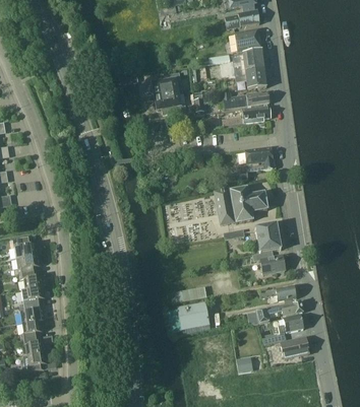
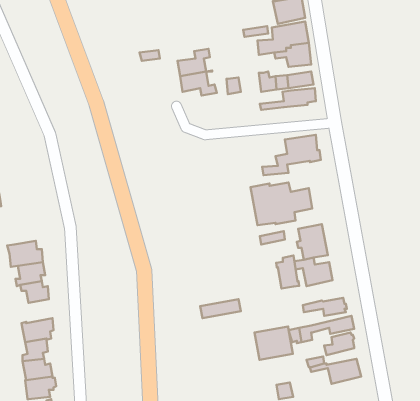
building: none -> [276,255,299,288]
building: [20,286,46,307] -> none
building: [177,301,209,330] -> [255,326,293,360]

